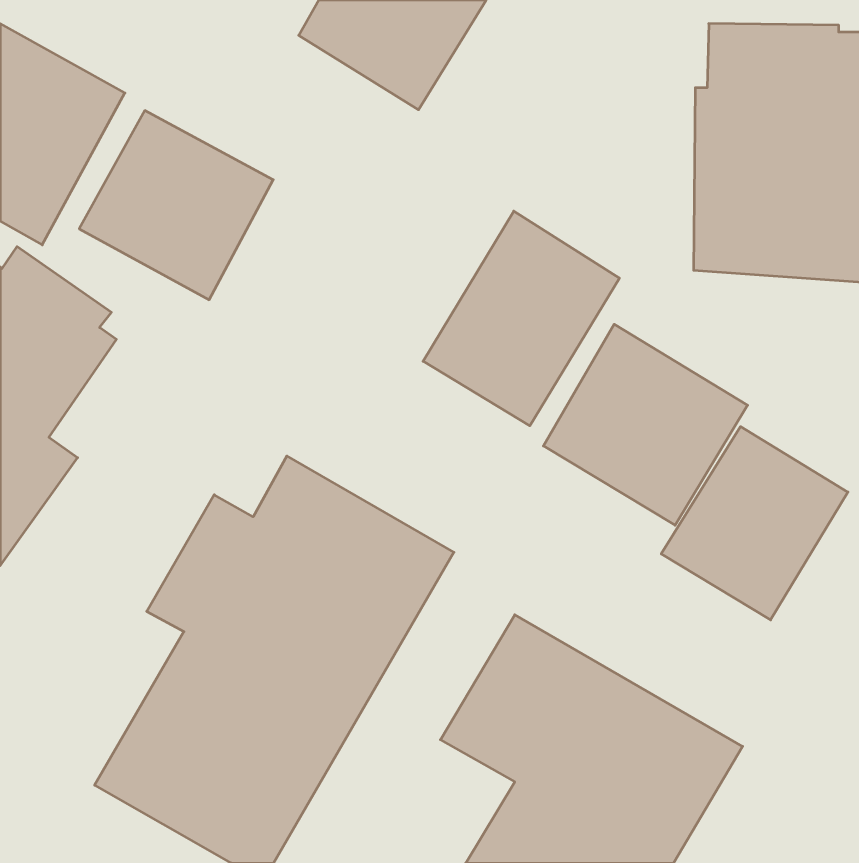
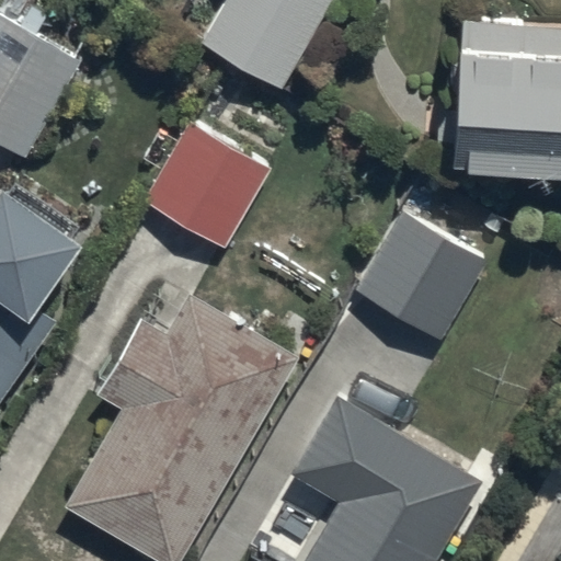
building: [79,111,273,300] -> [145,125,271,248]
building: [423,211,619,426] -> none
building: [661,427,848,620] -> none

